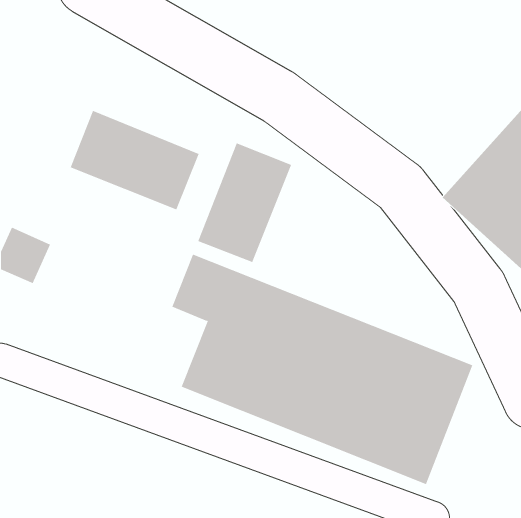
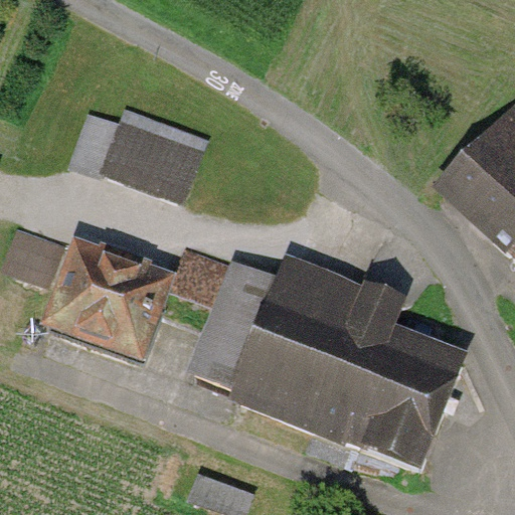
building: [198,142,292,263] -> none
building: none -> [36,234,162,359]

